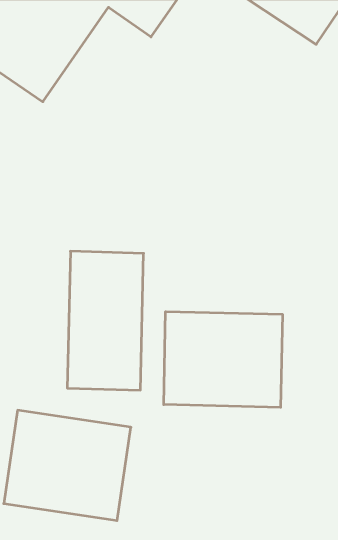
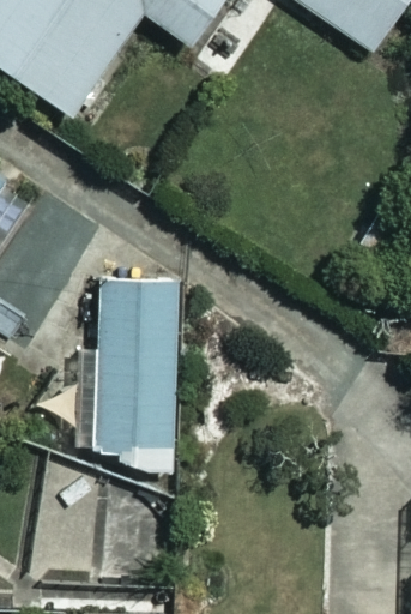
building: [164,312,282,407] -> none

